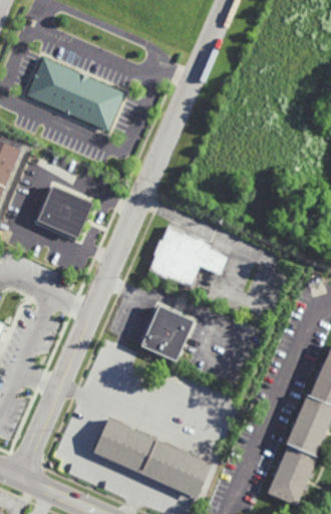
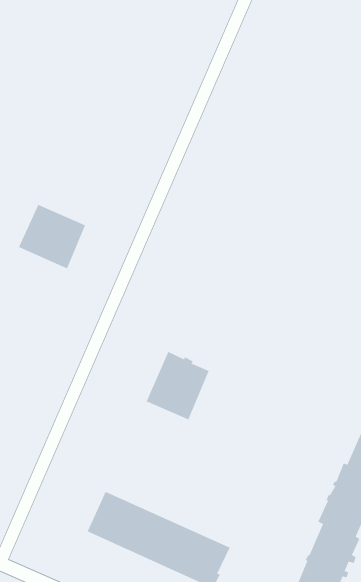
building: [27,57,124,131] -> none
building: [149,225,227,287] -> none

